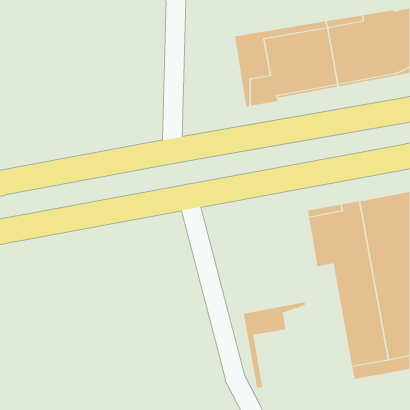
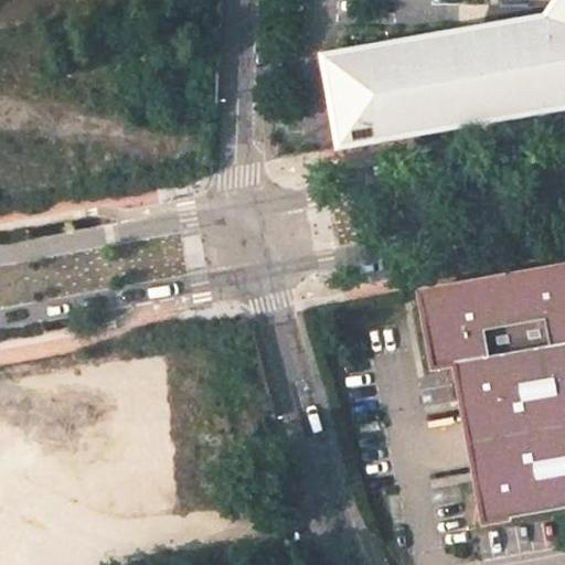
building: [243,301,306,388] -> none

